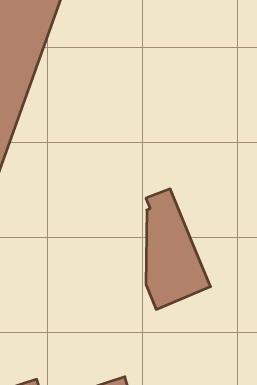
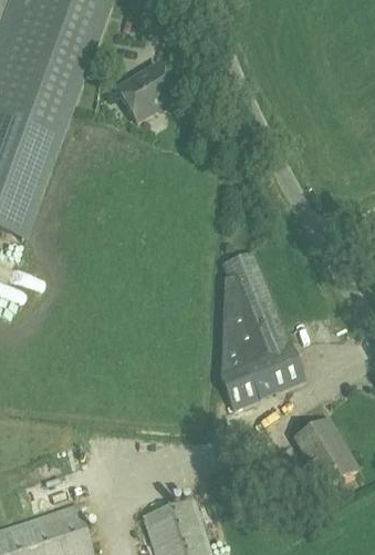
building: none -> [115,64,177,123]
building: none -> [292,419,356,490]

